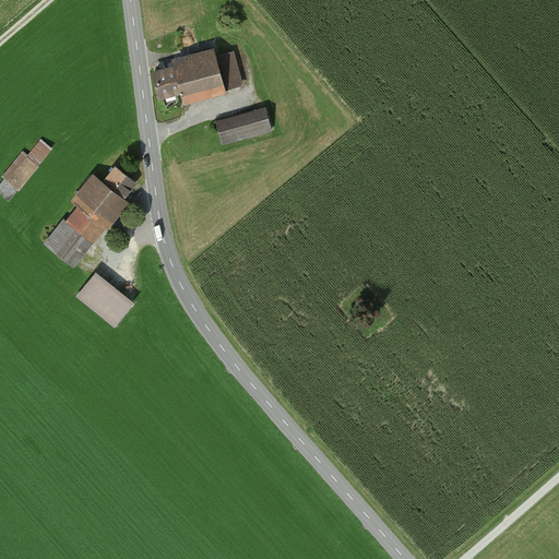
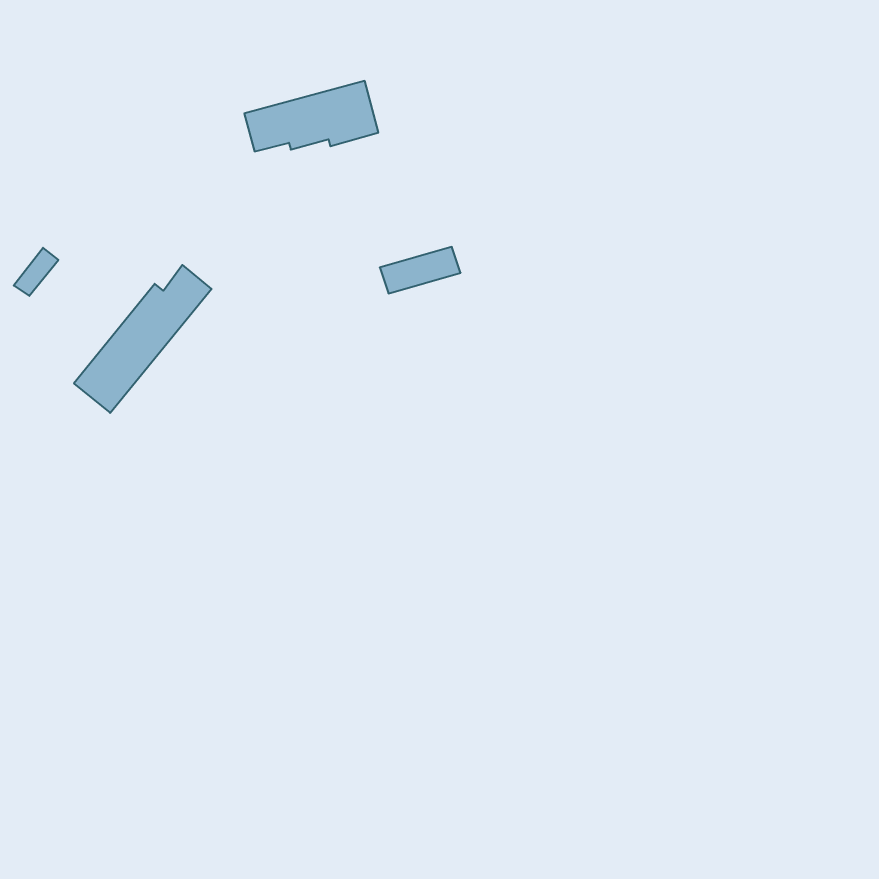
building: [218,108,270,138] -> [380,247,461,293]
building: [79,274,132,325] -> none

